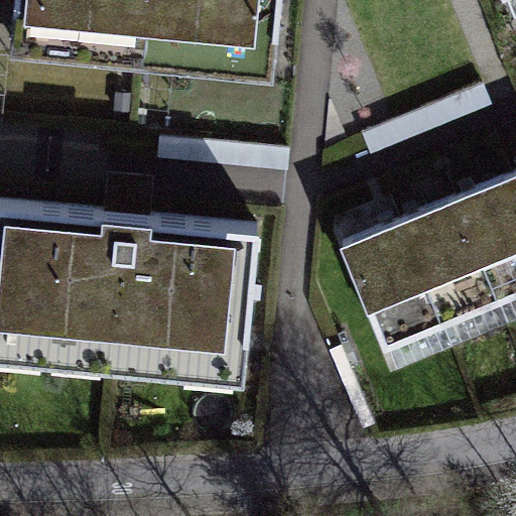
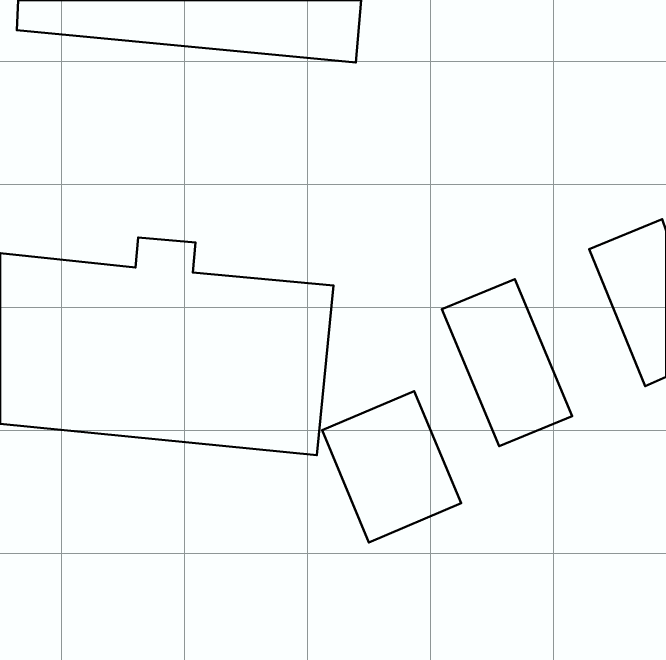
building: [398,198,499,327] -> none
building: none -> [322,391,461,542]

